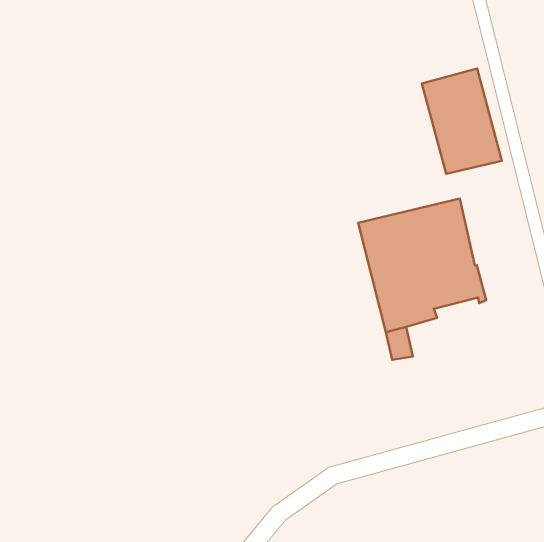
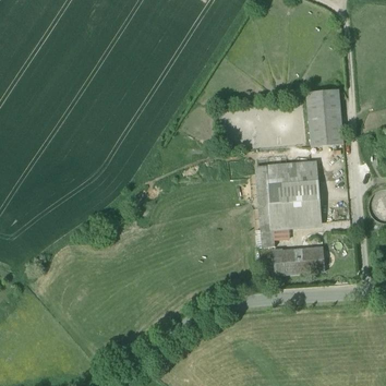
building: none -> [273,248,325,275]

